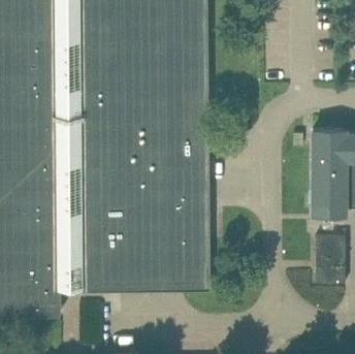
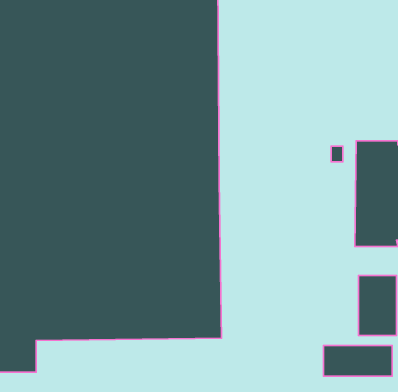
building: none -> [324,346,392,376]

